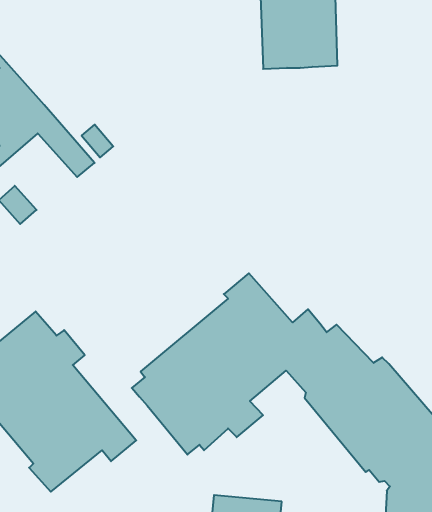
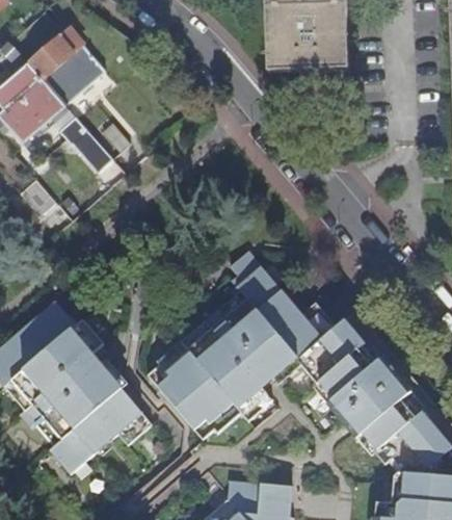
building: none -> [27,29,102,105]

